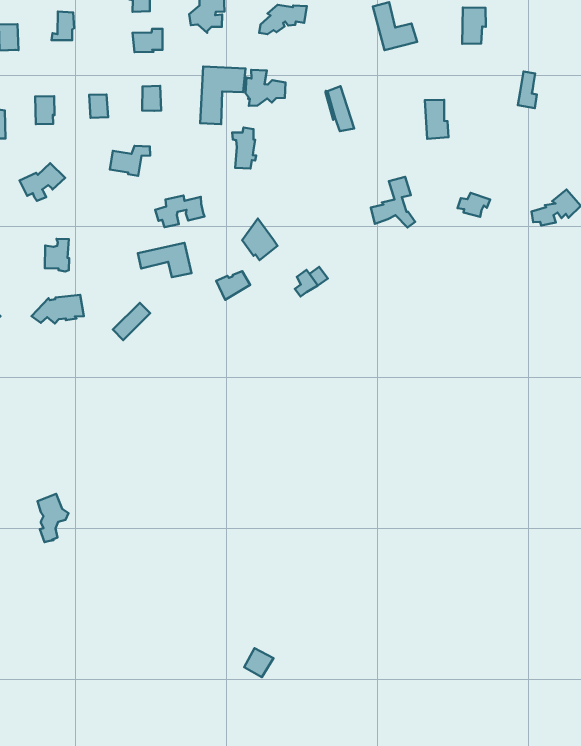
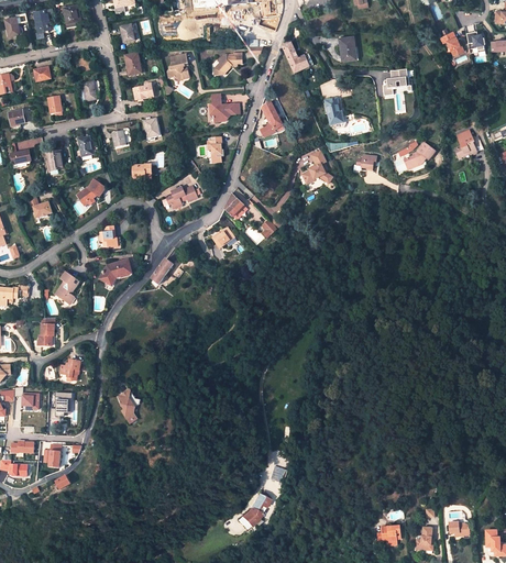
building: [200,67,245,124] -> none
building: [138,243,192,277] -> none
building: none -> [238,494,268,529]

